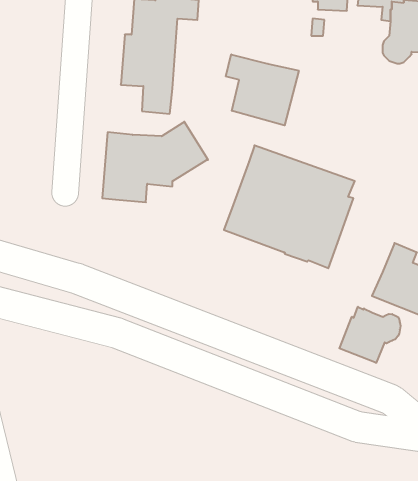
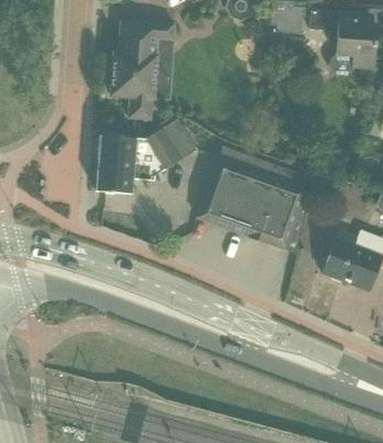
building: [226,54,299,125] -> none
building: [339,307,401,363] -> none

